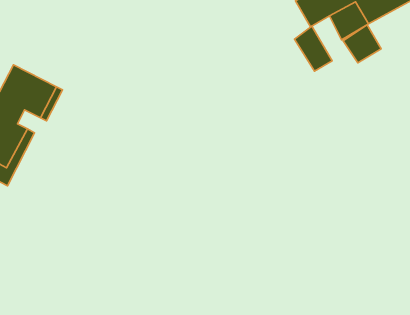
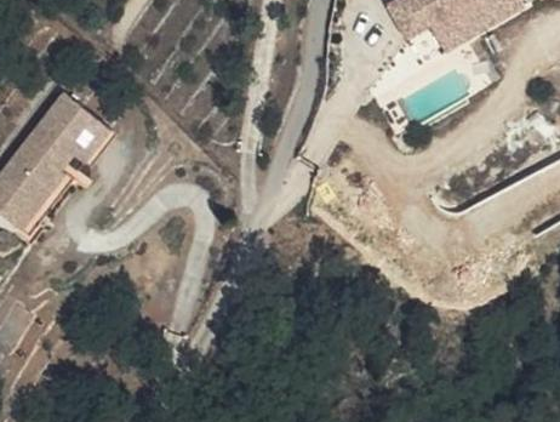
building: [343,25,381,63] -> none
building: [294,26,332,71] -> none

